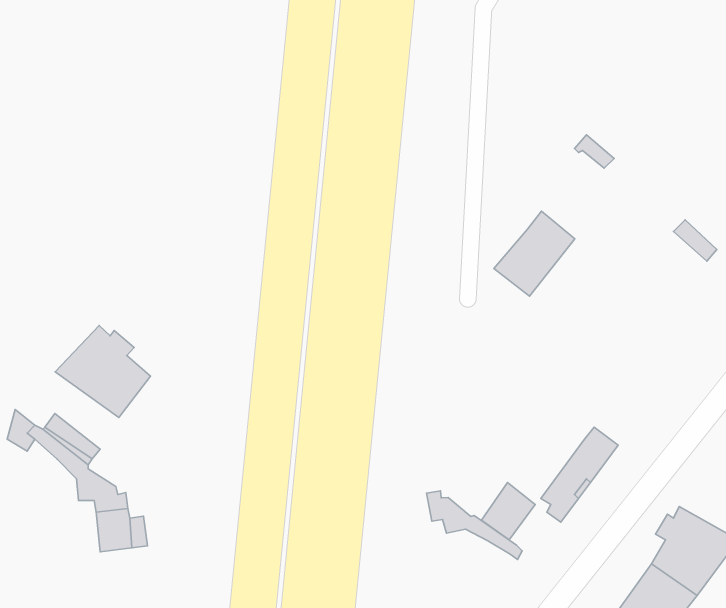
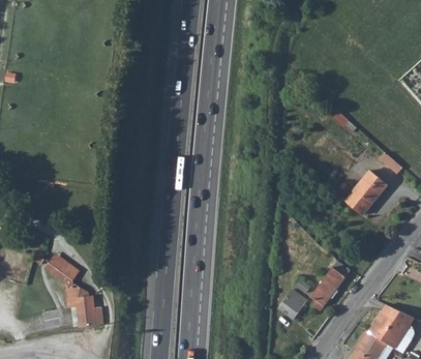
building: [494,211,575,296] -> [343,171,386,215]
building: [55,325,150,417] -> none
building: [427,491,522,559] -> none

